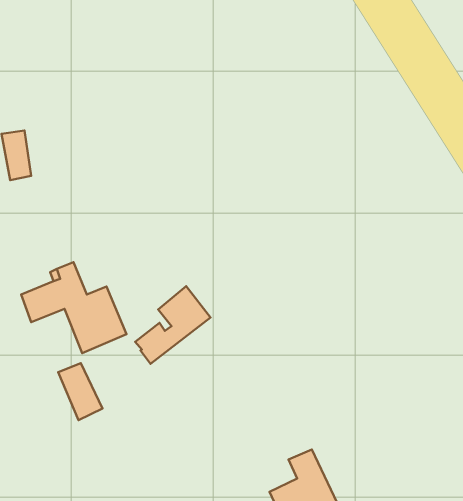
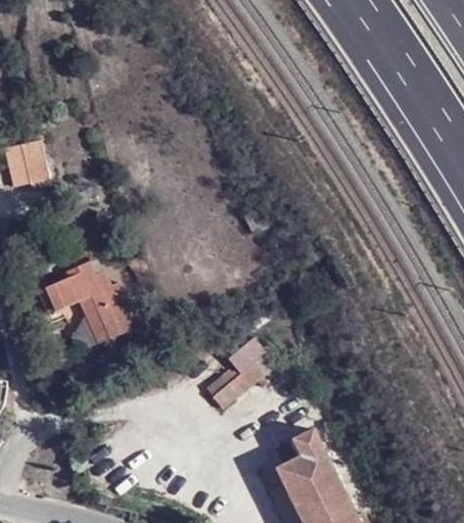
building: [135,286,210,364] -> [202,340,272,412]
building: [58,363,103,420] -> none

